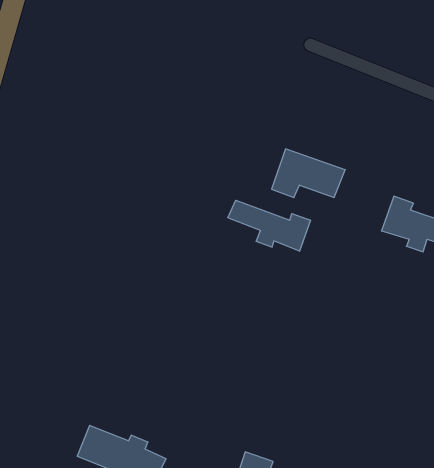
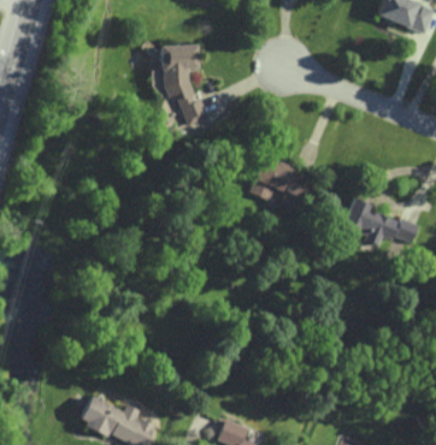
building: none -> [161,46,210,127]
building: [228,200,310,251] -> none

